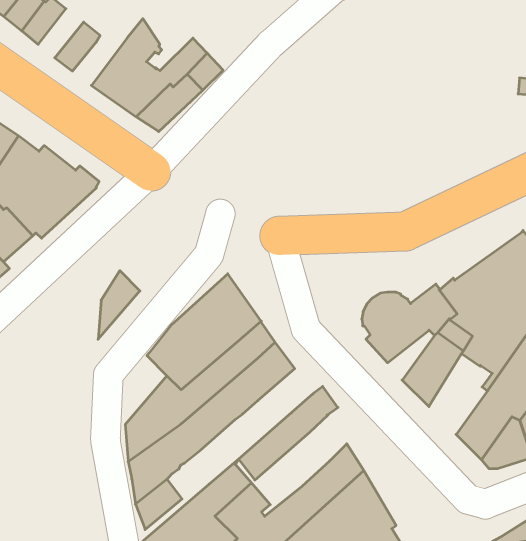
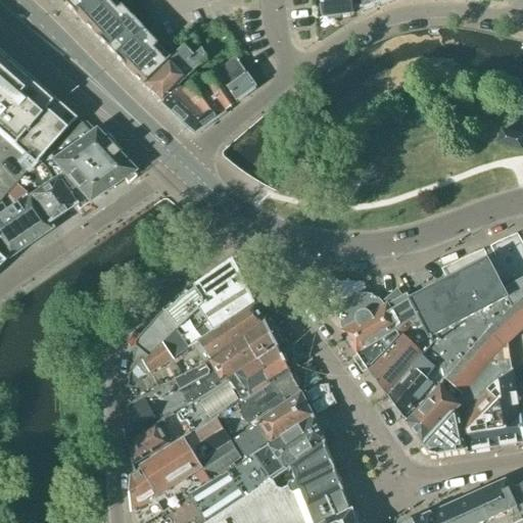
building: none -> [102,15,143,55]
building: none -> [128,47,169,83]
building: [98,271,140,339] -> [130,317,171,372]
building: none -> [358,329,400,368]
building: none -> [387,364,444,417]
building: none -> [175,345,290,432]
building: none -> [235,391,314,458]

